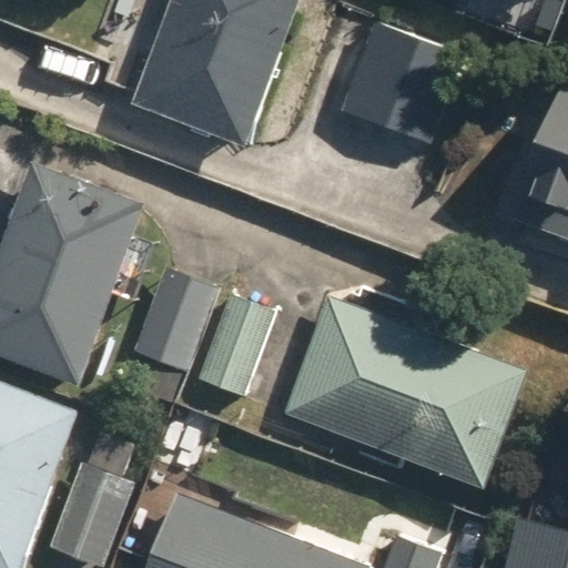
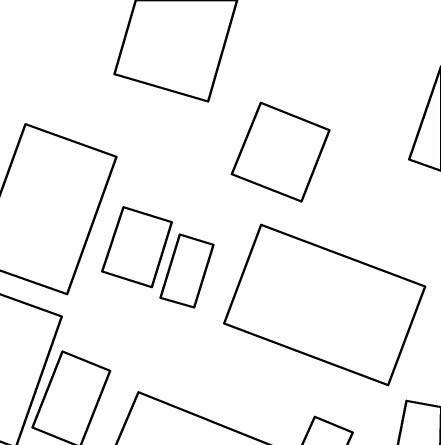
building: [332,20,455,144] -> [232,103,330,201]

